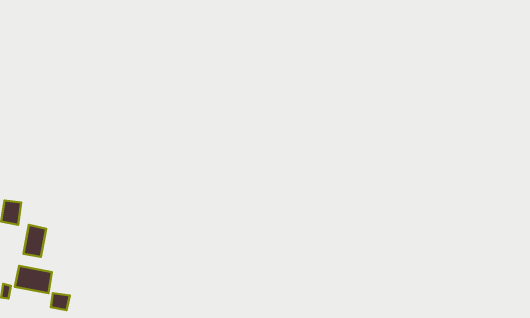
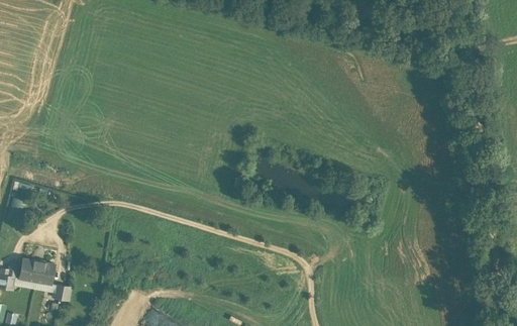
building: [23,225,46,257] -> none

